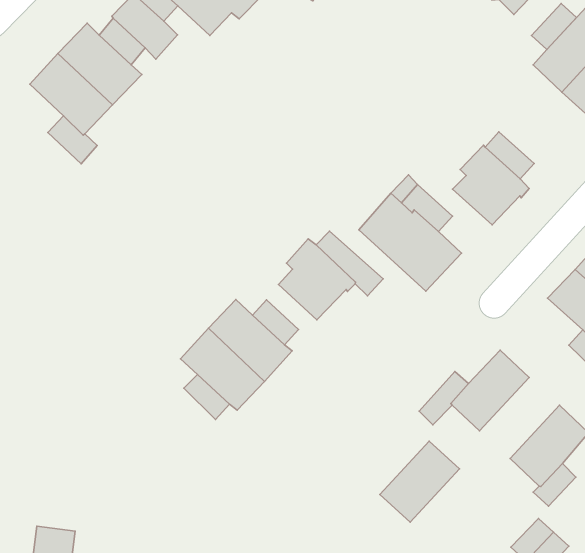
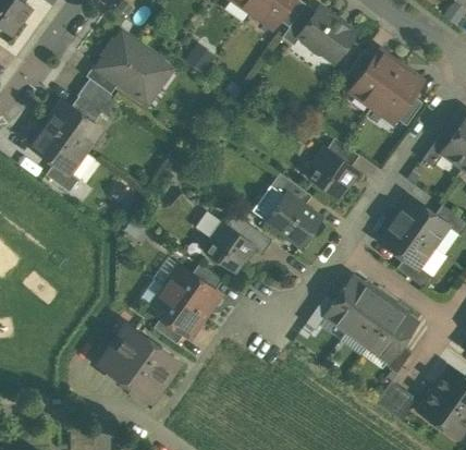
building: none -> [99,325,180,402]
building: [380,441,460,522] -> [346,293,395,346]

